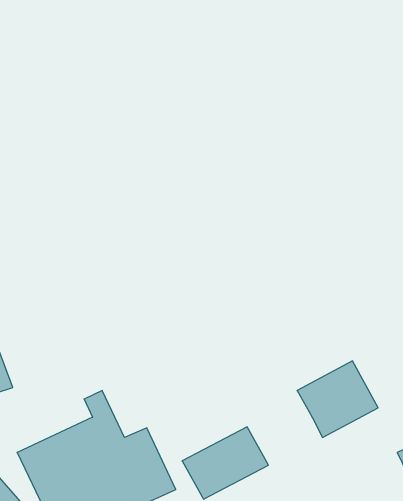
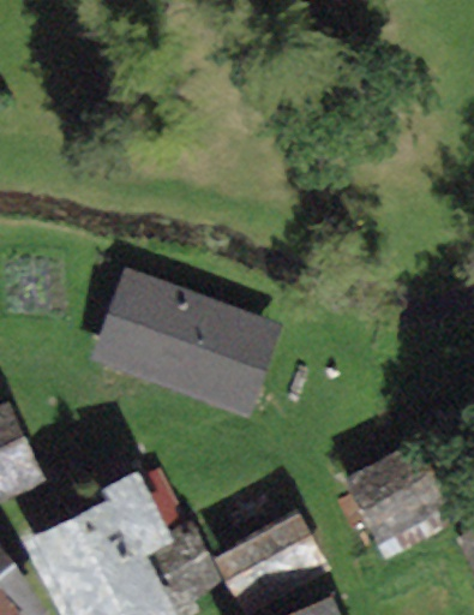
building: none -> [94,276,262,401]

